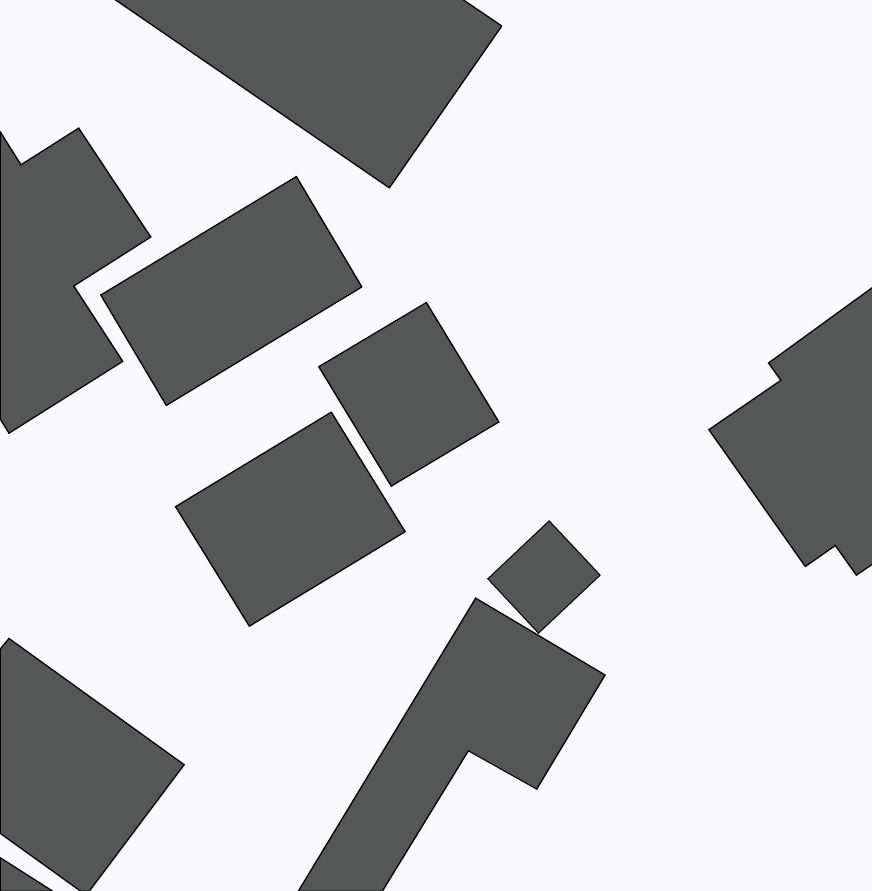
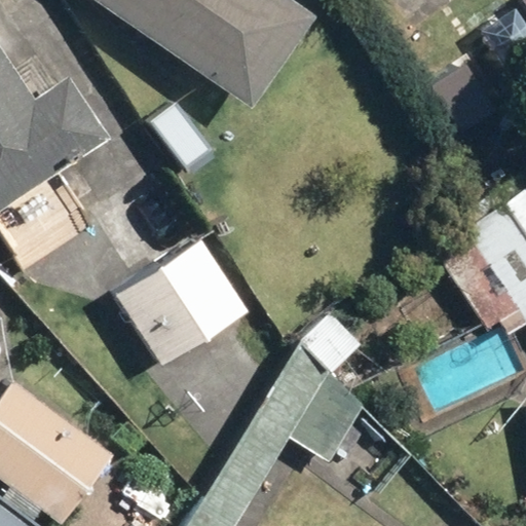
building: [101,176,362,406] -> none
building: [319,302,499,486] -> none

